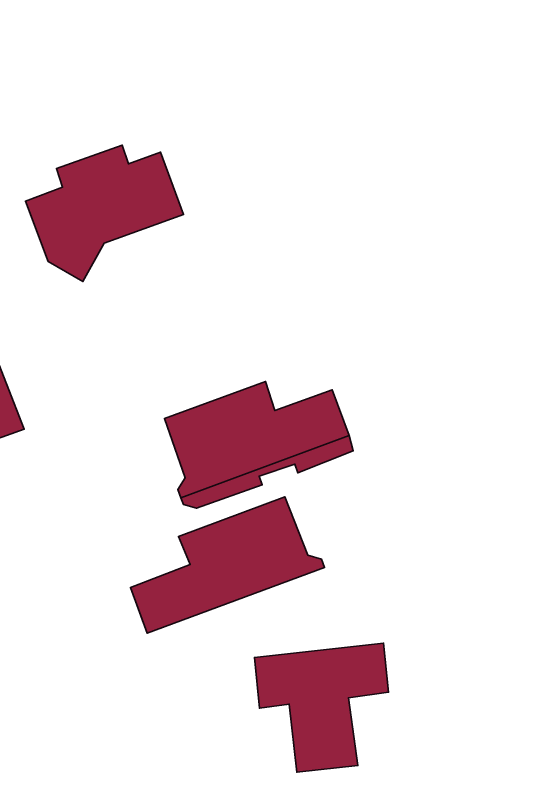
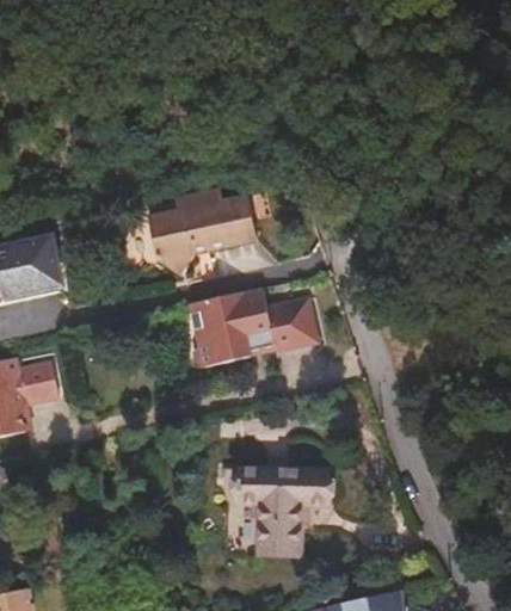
building: [26,145,183,282] -> [154,185,259,273]
building: [130,497,325,633] -> none

